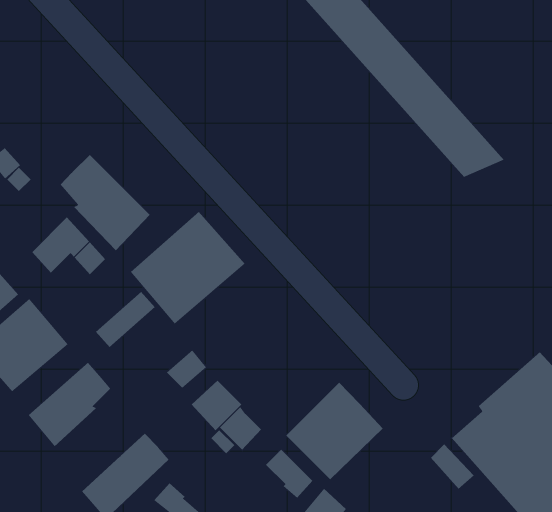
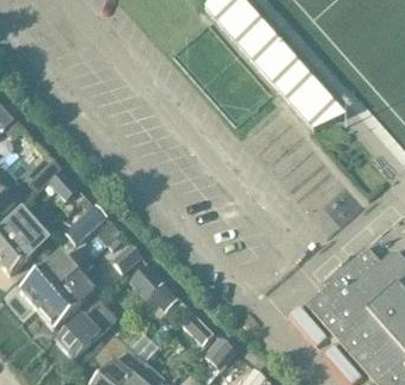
building: [60,154,151,251] -> none
building: [130,211,245,325] -> none
building: [286,382,383,480] -> none
building: none -> [38,271,93,327]

